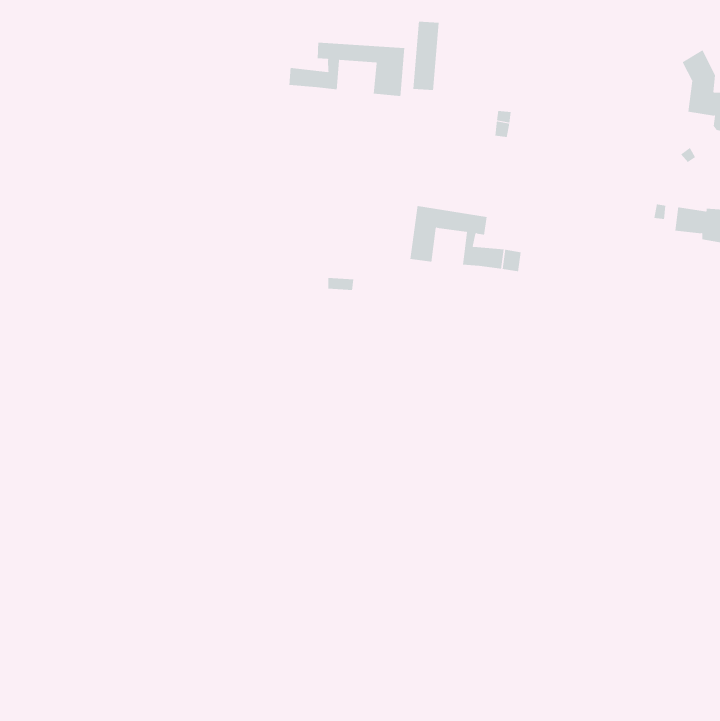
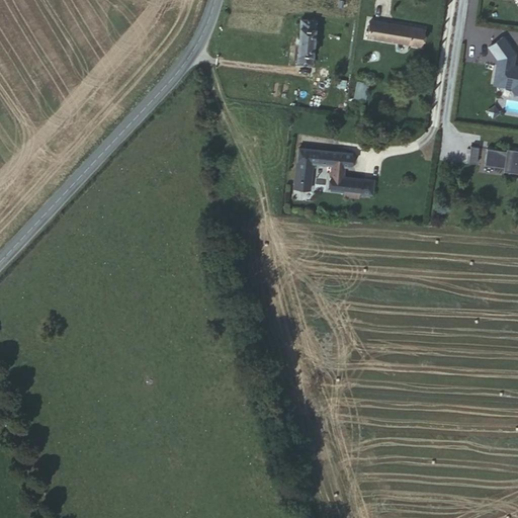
building: none -> [364,21,419,45]
building: [289,42,405,97] -> none

